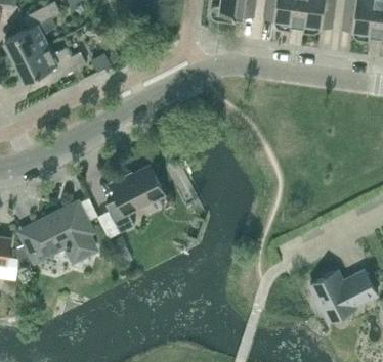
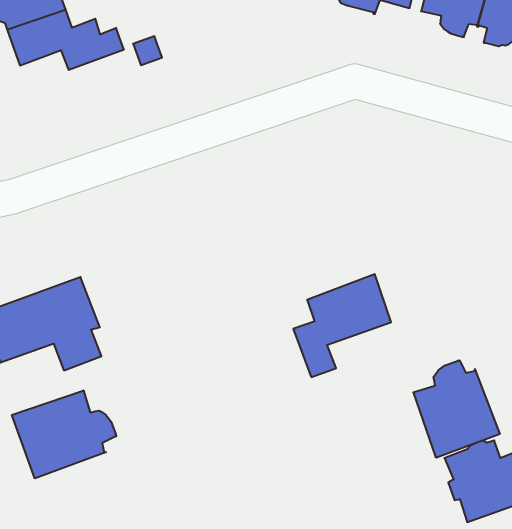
building: [107,166,165,232] -> [293,274,391,377]
building: none -> [413,360,500,458]
building: none -> [12,390,116,478]

